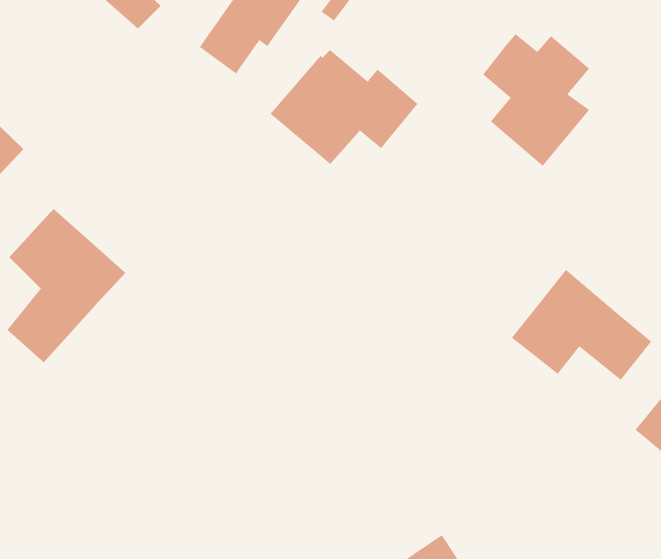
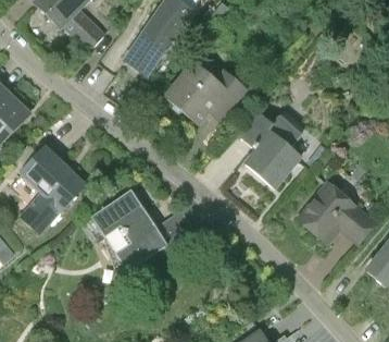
building: [482,33,590,167] -> [241,113,301,187]
building: none -> [91,190,193,271]

